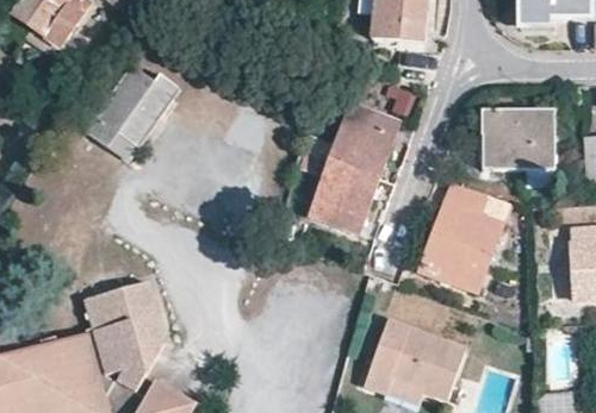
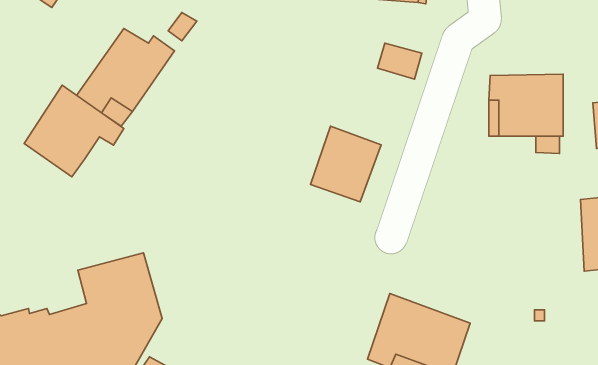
building: [329,104,398,176] -> none
building: none -> [24,85,124,177]
building: [420,183,501,288] -> none

